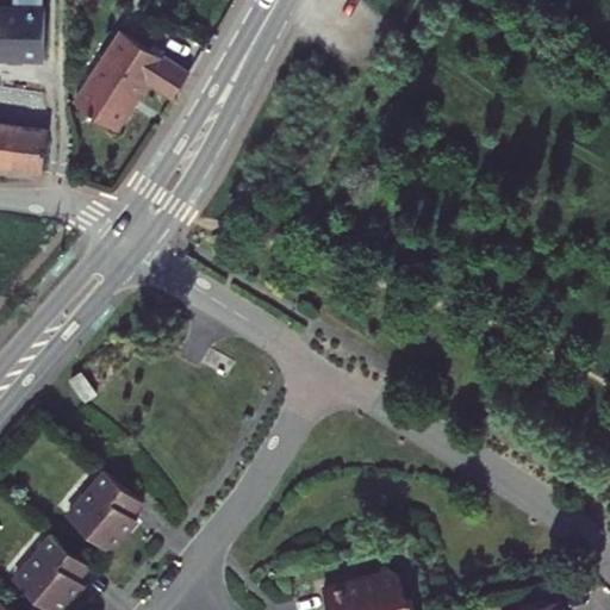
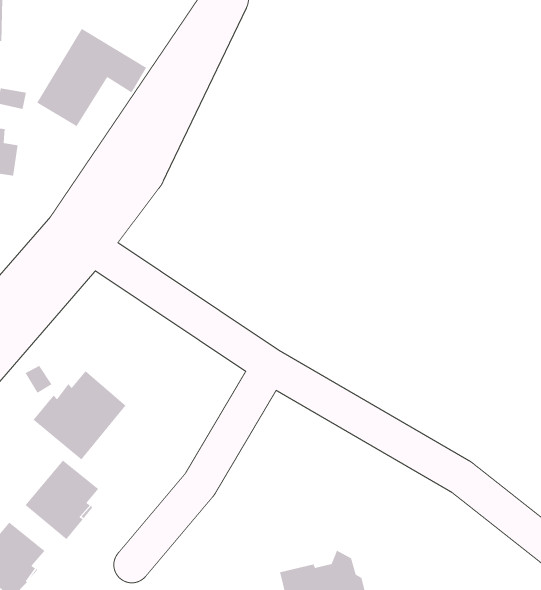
building: none -> [32,370,127,461]

